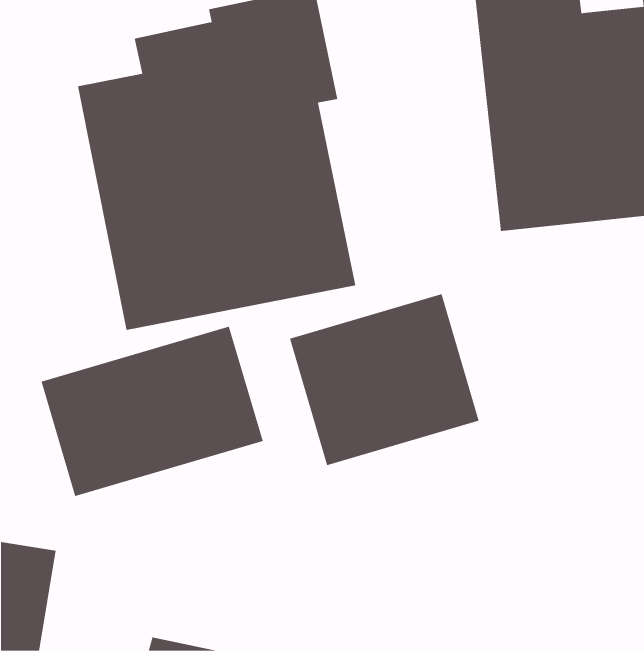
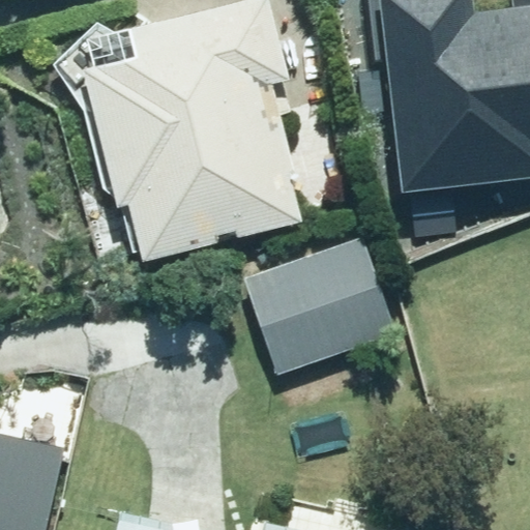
building: [41,326,263,497] -> none

